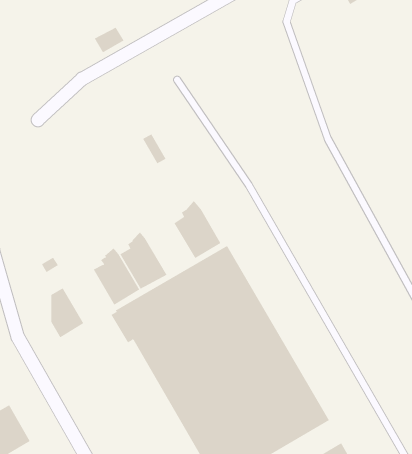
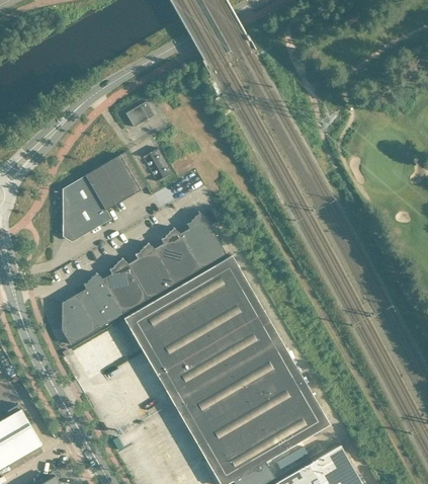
building: [94,27,124,53] -> [125,102,155,128]
building: none -> [65,152,147,241]
building: none -> [153,228,200,285]
building: none -> [74,273,122,331]

